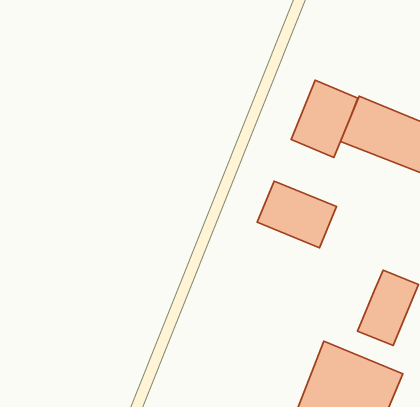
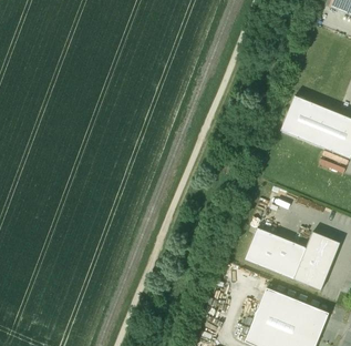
building: [291,80,358,158] -> none
building: [257,181,337,248] -> [245,227,307,279]

